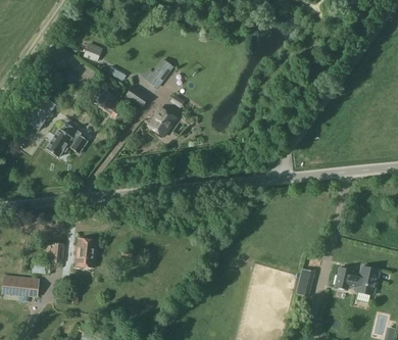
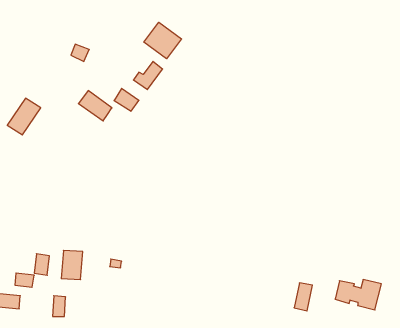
building: none -> [144,22,182,59]
building: [148,107,176,136] -> none
building: [46,123,88,157] -> none

